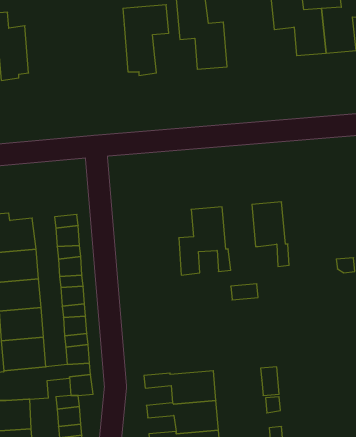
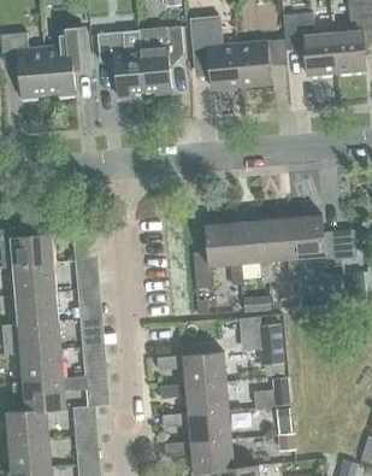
building: none -> [43,27,87,95]
building: none -> [96,29,143,98]
building: none -> [236,40,268,86]
building: none -> [293,213,356,276]
building: none -> [235,219,272,282]
building: none -> [256,324,284,364]
building: none -> [157,351,226,384]

